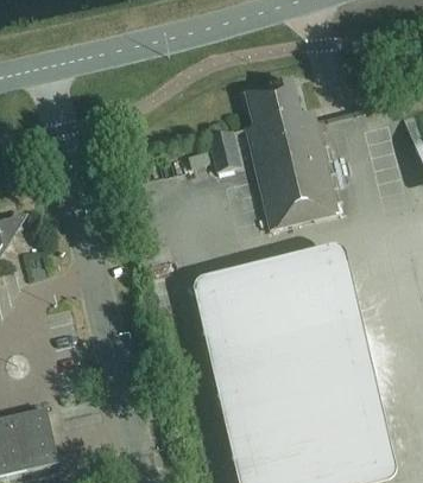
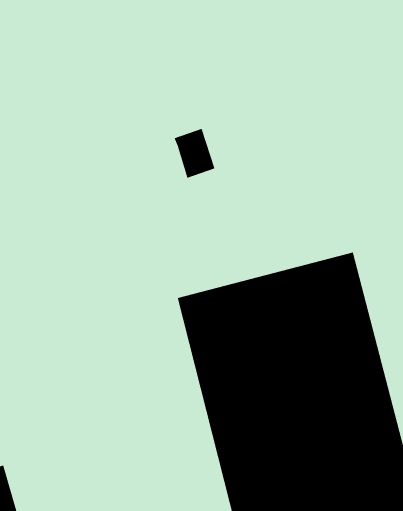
building: [242,81,332,225] -> none

